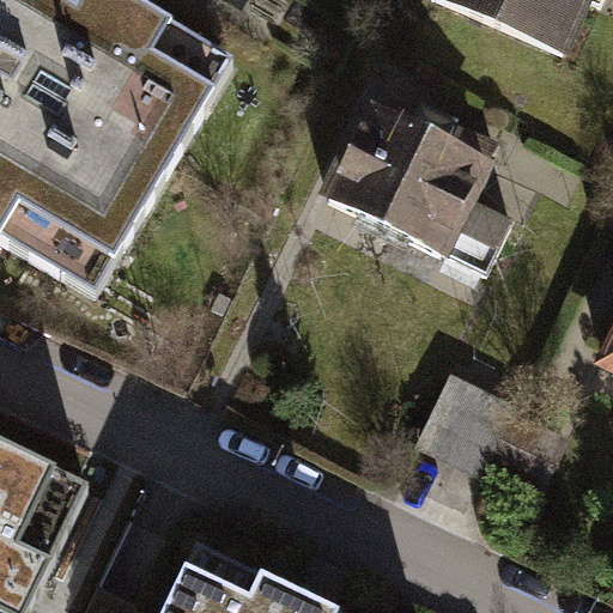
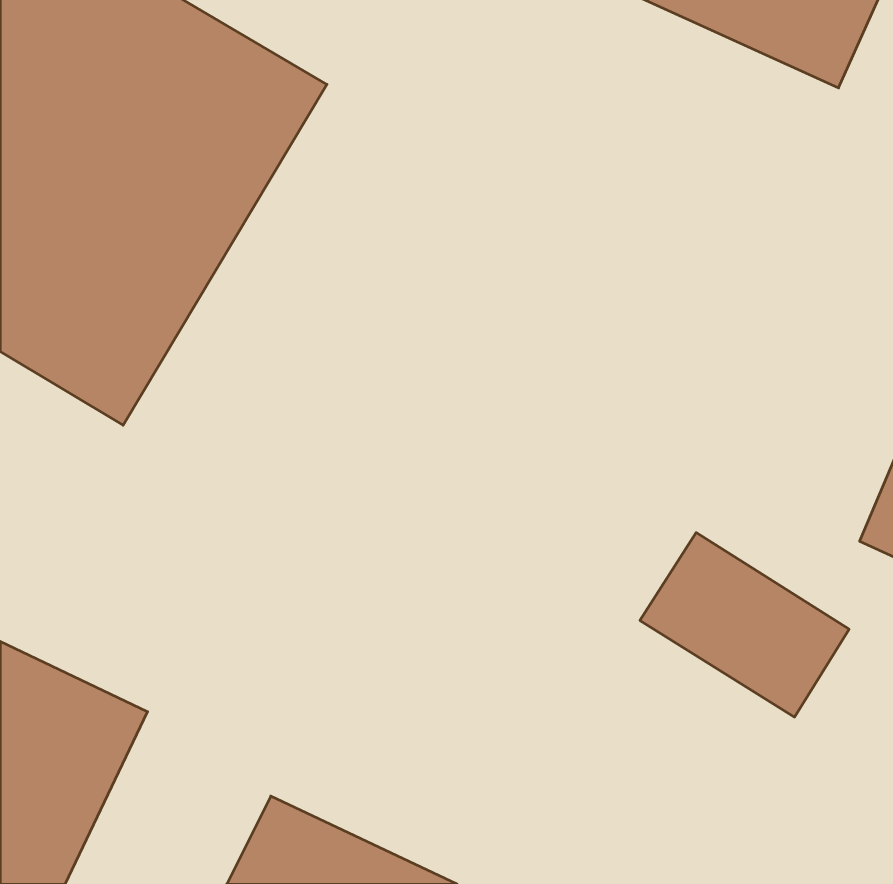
building: [323,105,498,262] -> none

